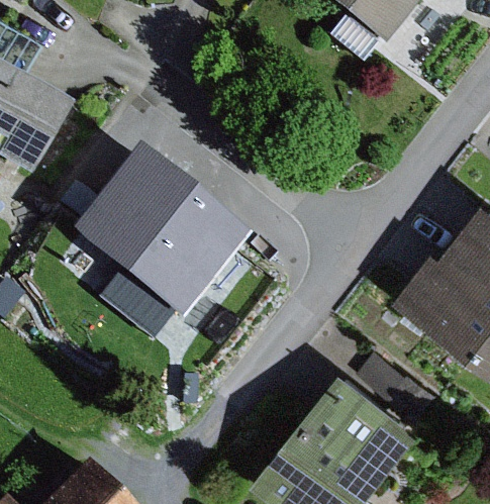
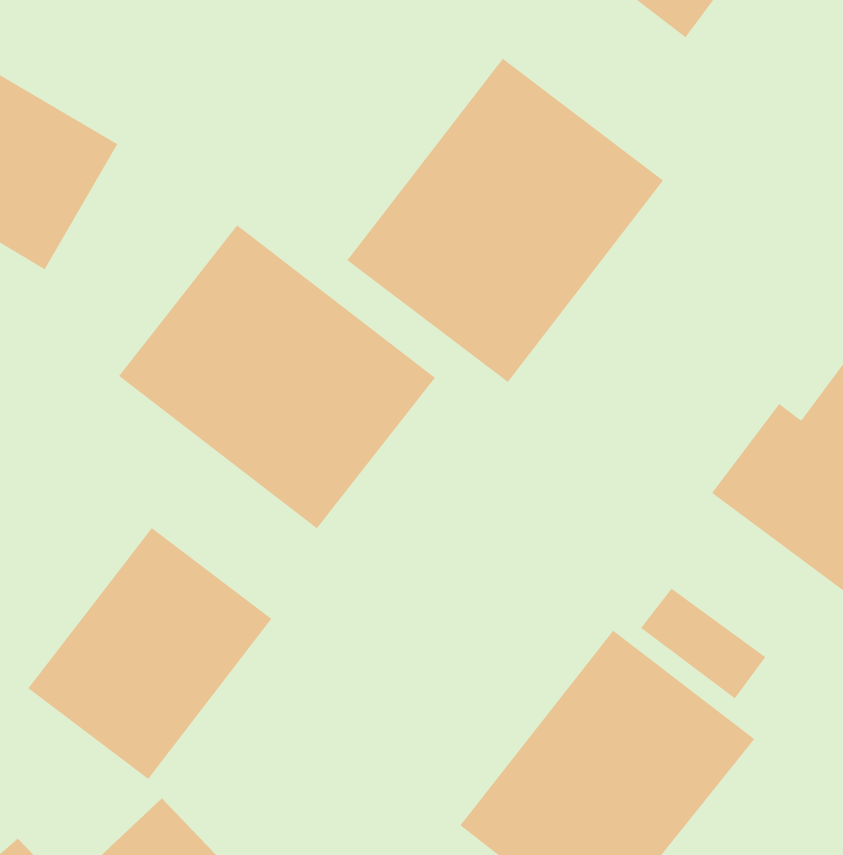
building: none -> [347,58,664,383]
building: none -> [28,527,272,780]

